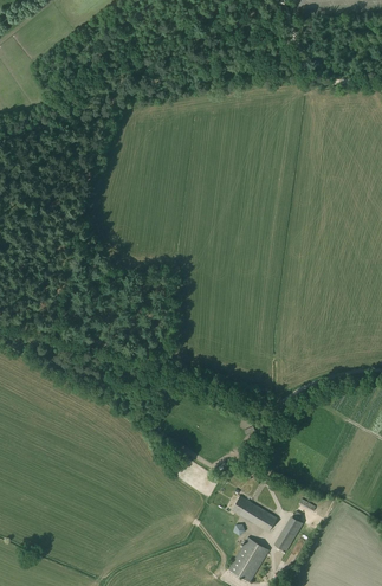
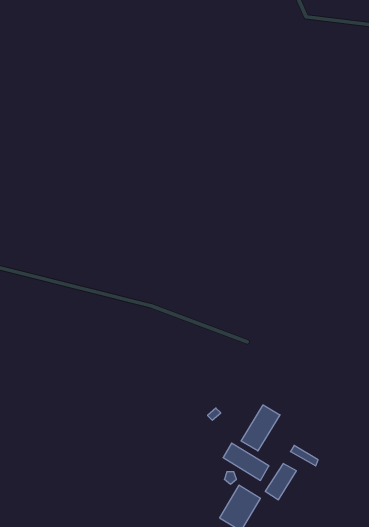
building: none -> [241,405,280,451]

